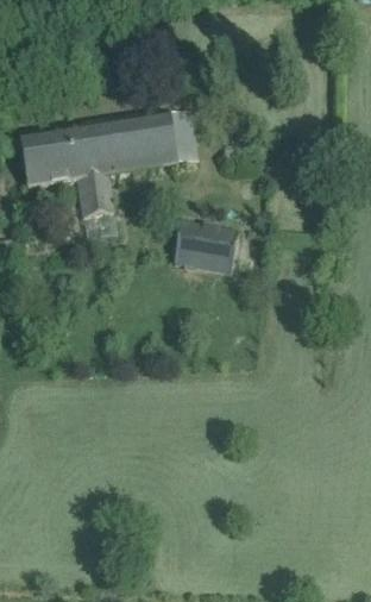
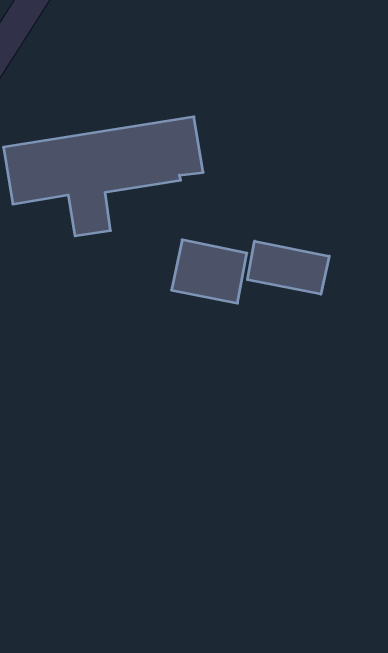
building: none -> [247,241,329,294]

